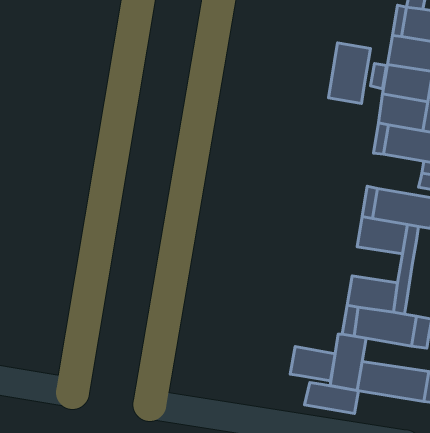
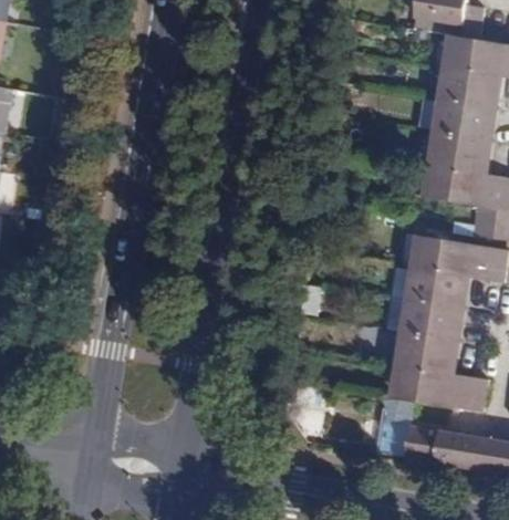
building: [328,43,371,104] -> none
building: none -> [401,300,456,340]
building: [290,347,335,381] -> none
building: [305,383,358,413] -> none

